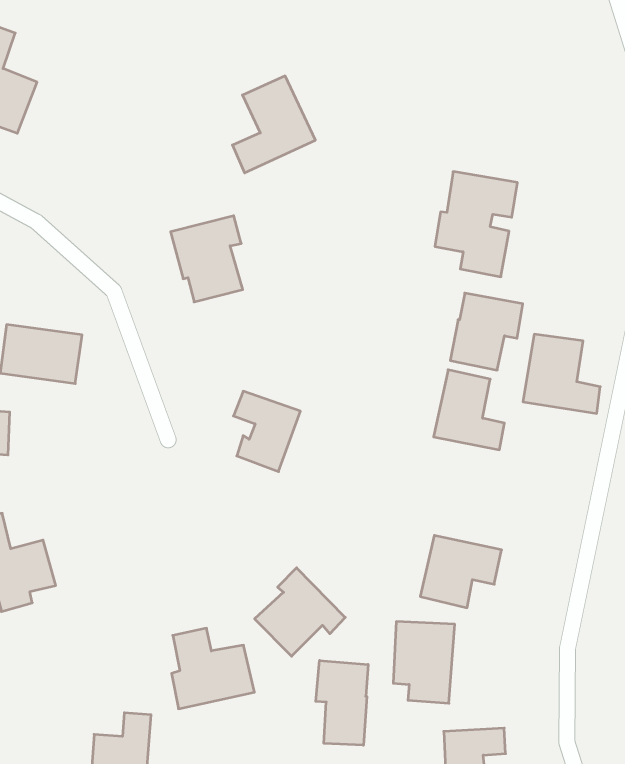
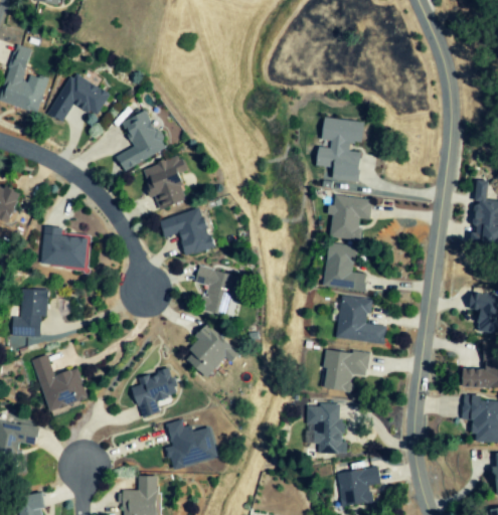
building: none -> [51,71,115,122]
building: [232,76,315,173] -> [119,109,171,172]
building: none -> [163,207,218,256]
building: [523,334,600,413] -> [335,296,383,343]
building: none -> [131,366,177,417]
building: [255,568,345,656] -> [180,322,237,378]
building: [316,660,368,745] -> none

